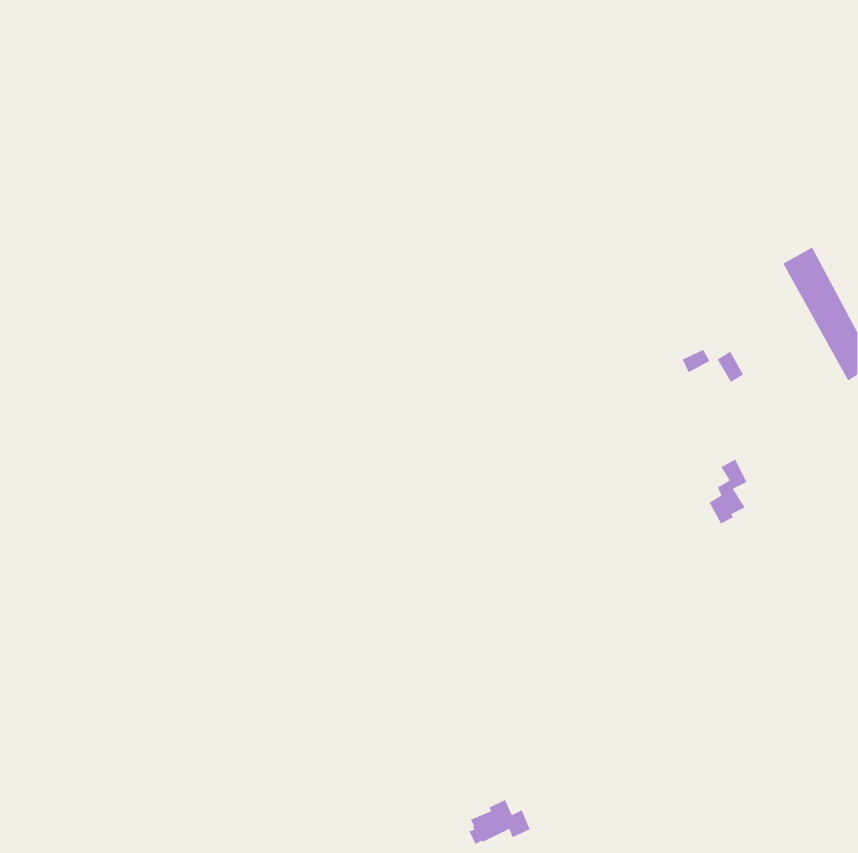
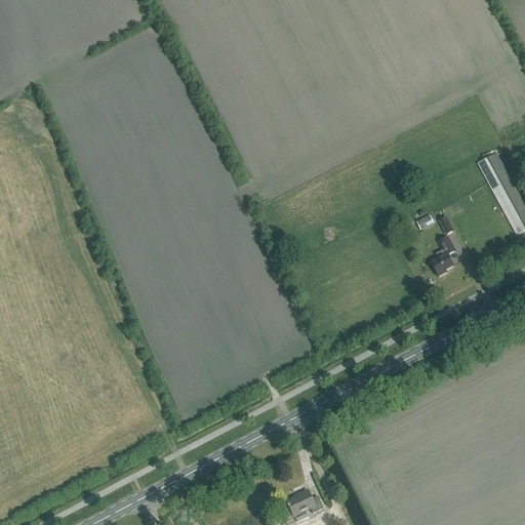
building: [709,459,747,524] -> [432,235,455,275]

